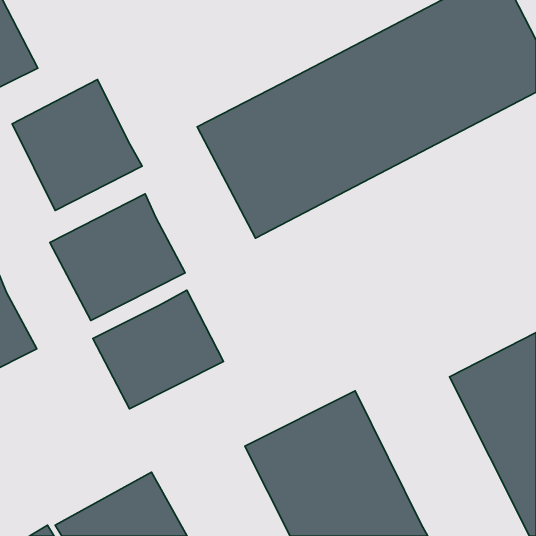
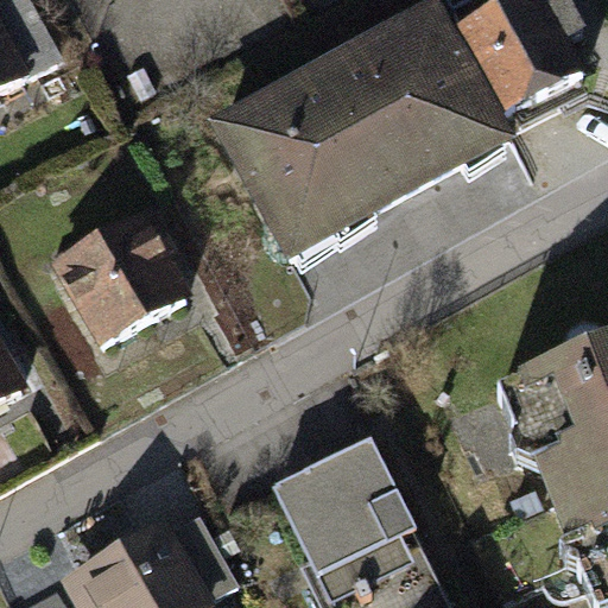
building: [12,79,142,211] -> none
building: [93,290,223,409] -> none

